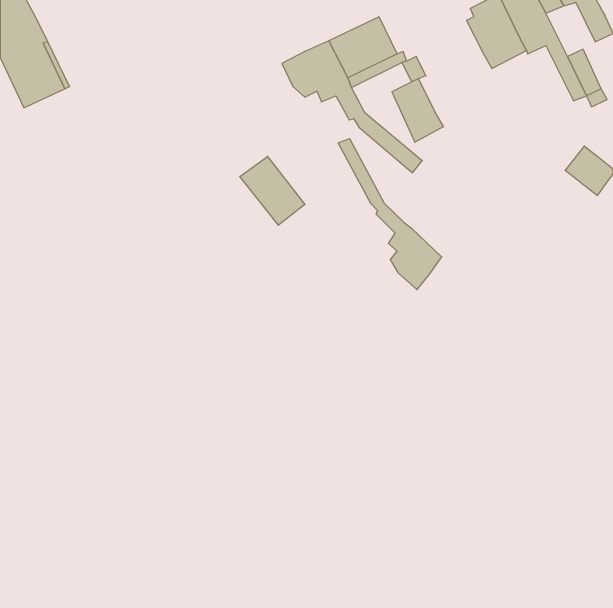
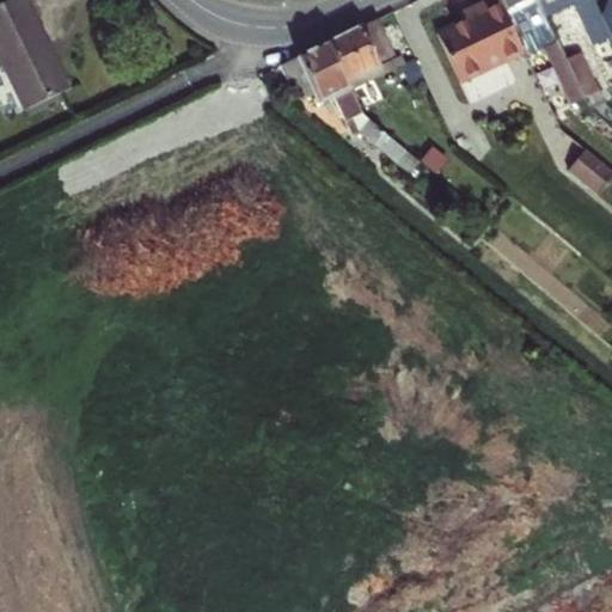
building: [392,79,444,142] -> [439,20,490,84]
building: [338,139,442,290] -> none
building: [240,156,305,225] -> none

